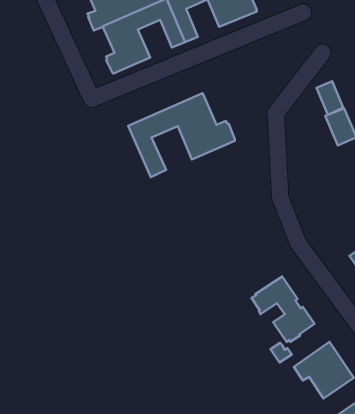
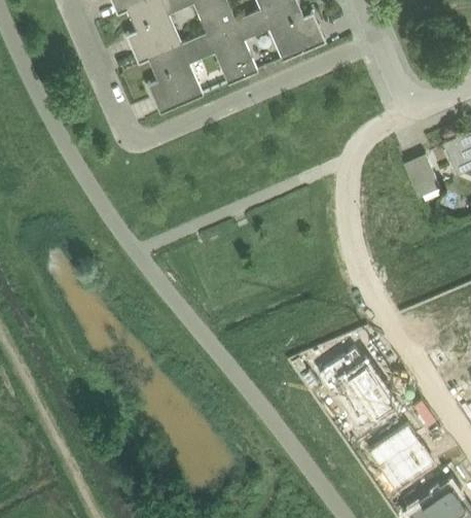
building: [316,81,343,115] -> none
building: [128,93,235,177] -> none

